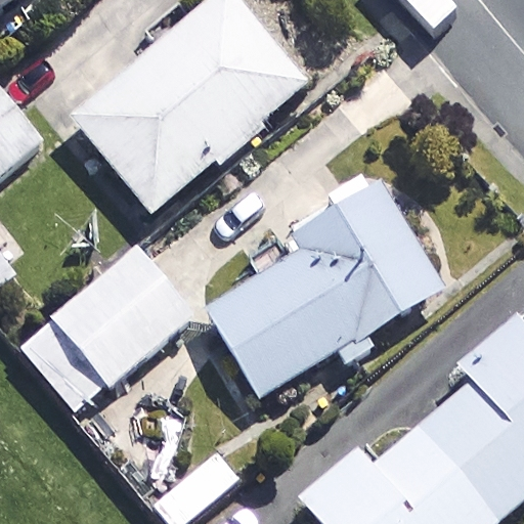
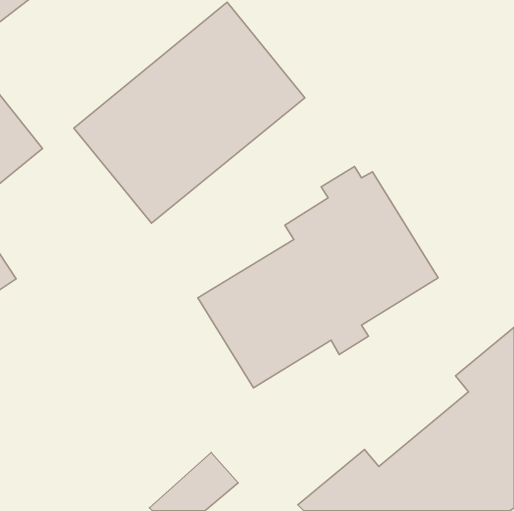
building: [17,241,191,406] -> none

